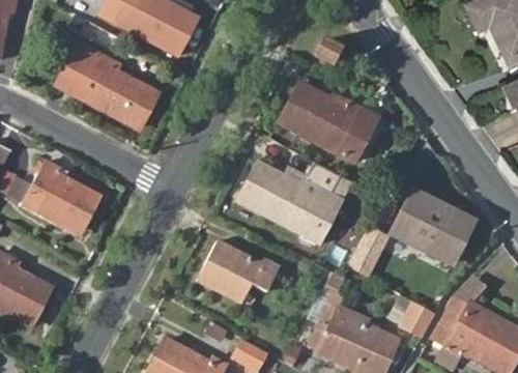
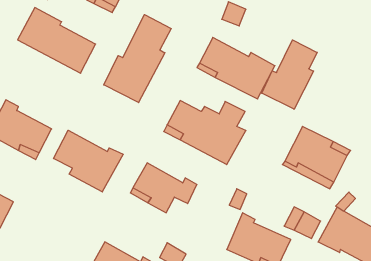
building: none -> [104,15,171,103]
building: none -> [262,40,317,109]
building: none -> [54,130,123,192]
building: [348,229,385,276] -> none

